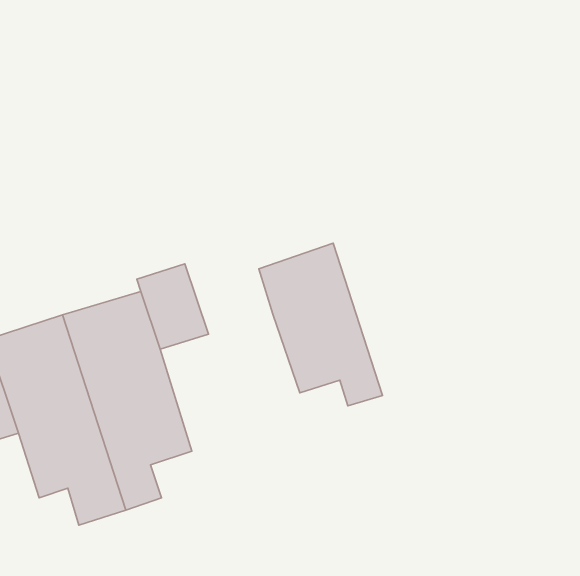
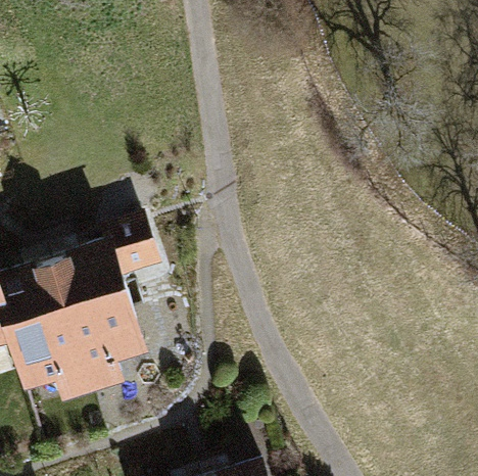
building: [259,243,383,406] -> none

